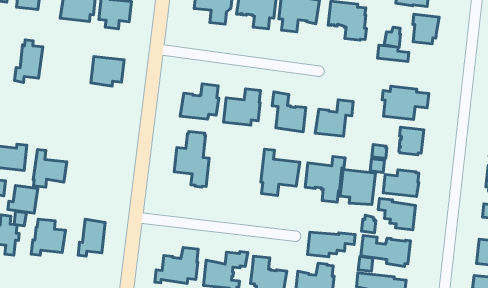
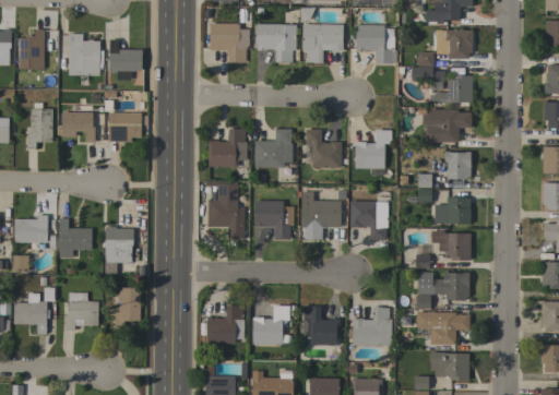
building: none -> [62,107,104,142]
building: none -> [430,75,473,103]
building: none -> [254,201,295,239]
building: none -> [106,226,134,262]
building: [340,170,375,204] -> none
building: [8,185,38,213] -> none
building: [307,232,355,257] -> none

